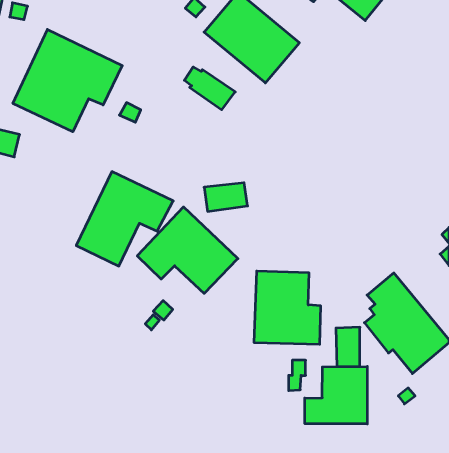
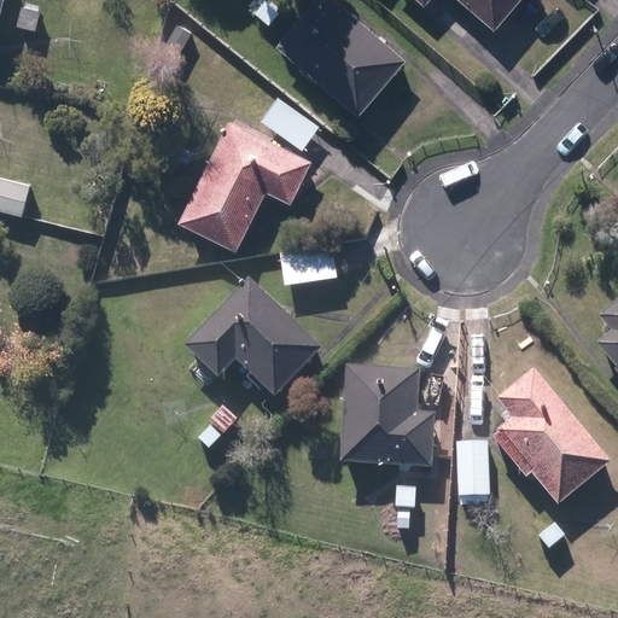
building: [13,29,122,132] -> none
building: [76,172,173,266] -> [180,119,311,247]
building: [305,366,367,424] -> none

